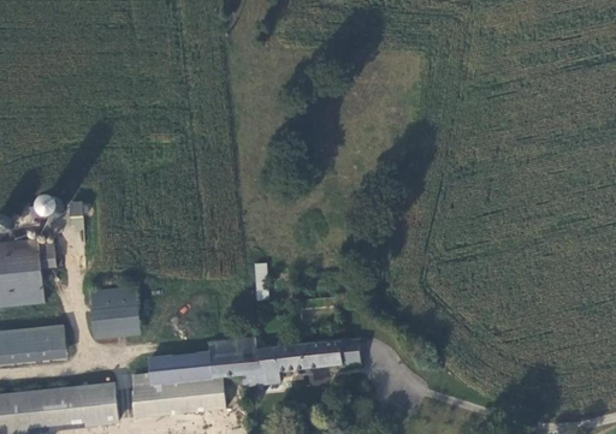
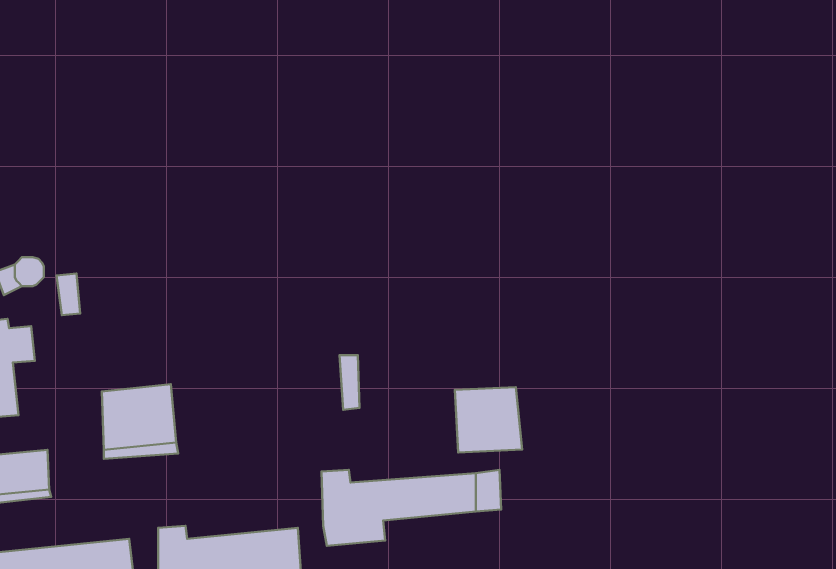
building: none -> [455,387,522,452]
building: [148,338,241,382] -> none

